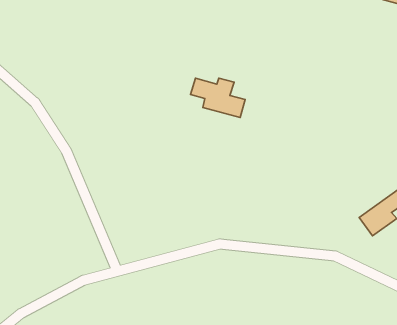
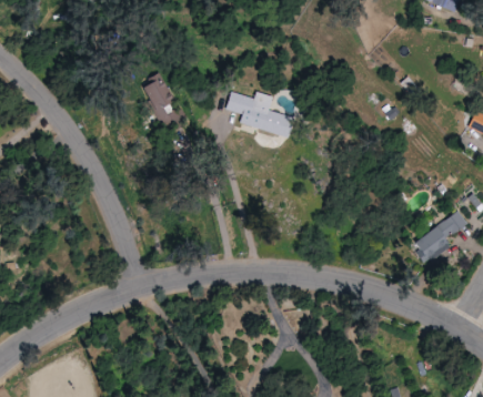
building: none -> [140,73,189,133]

